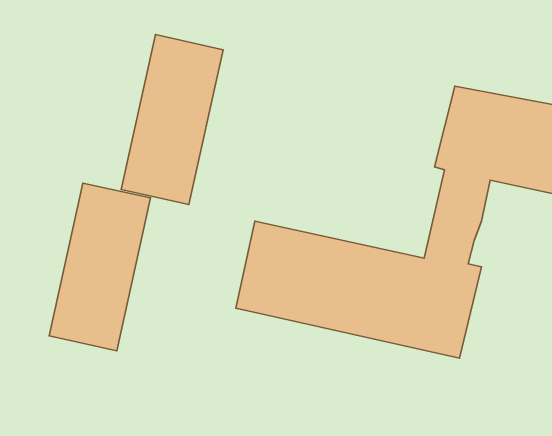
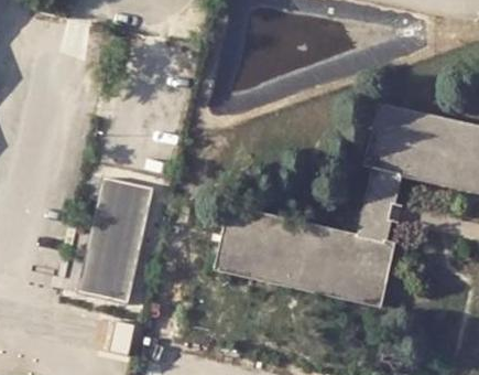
building: [121,34,223,205] -> none

